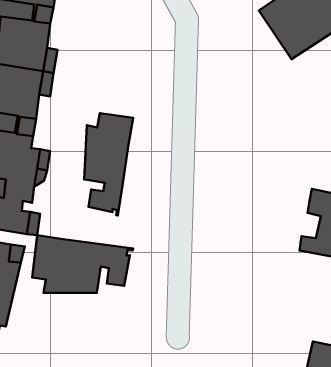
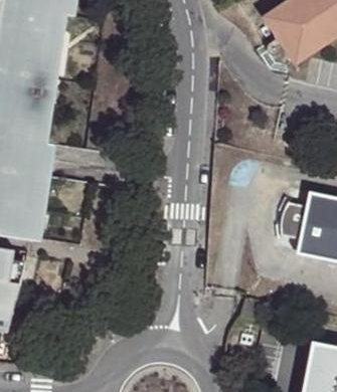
building: [84,113,133,216] -> none
building: none -> [282,201,322,242]
building: [32,235,133,293] -> none

